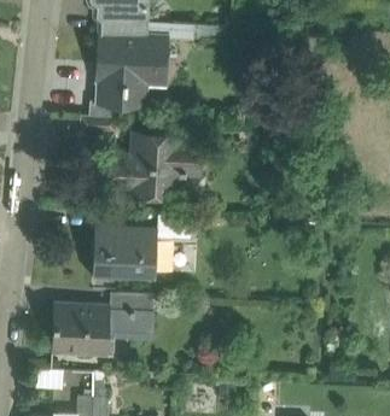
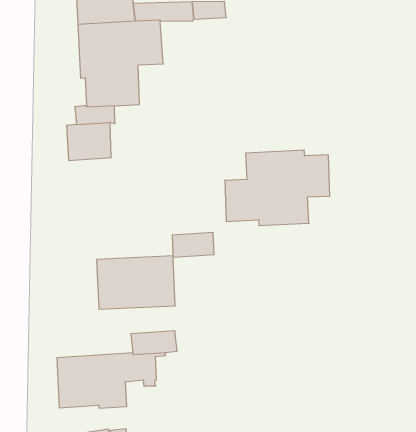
building: [111,134,200,197] -> [225,150,330,226]

